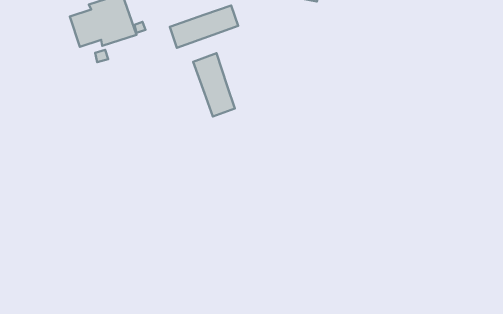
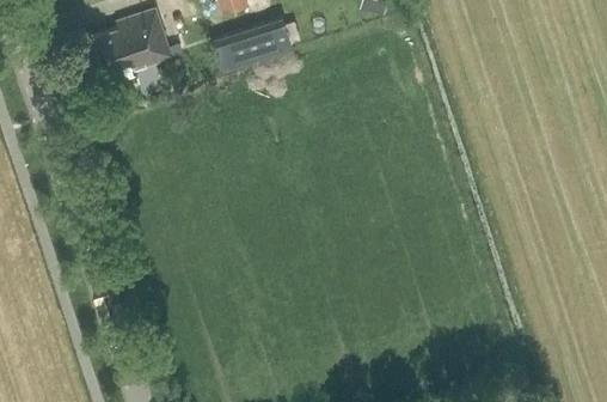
building: [193,53,235,116] -> none

